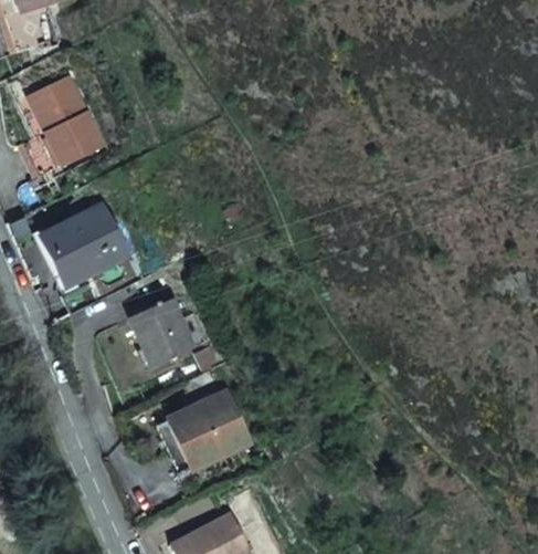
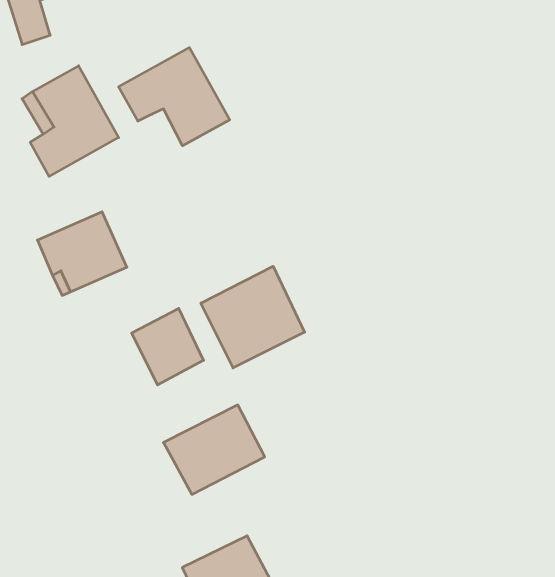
building: none -> [119,48,230,146]
building: none -> [201,266,305,368]

